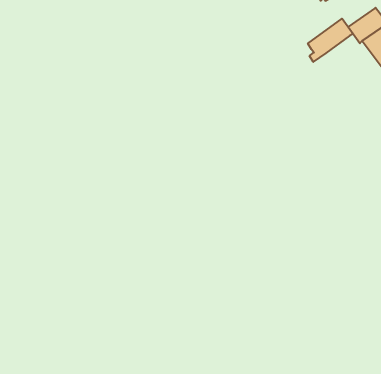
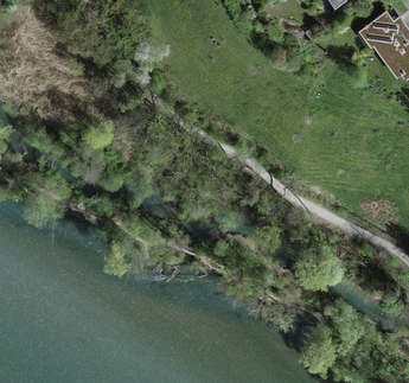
building: [308,19,353,62] -> none

